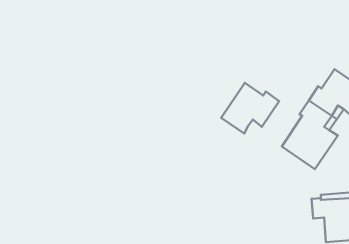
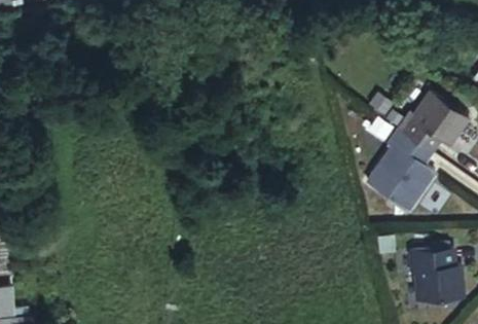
building: [221,83,279,133] -> none

